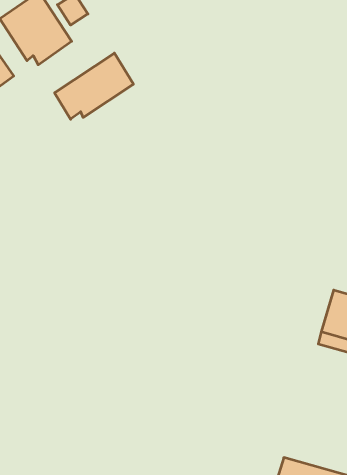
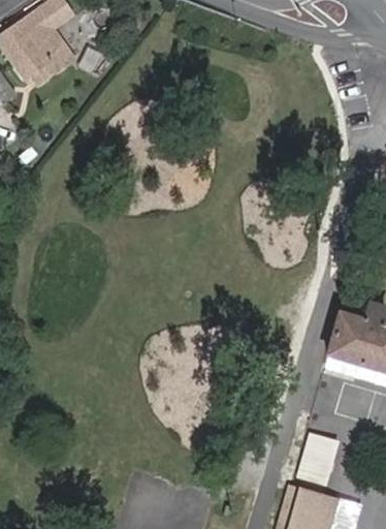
building: [55,53,133,119] -> none
building: none -> [297,431,337,483]

